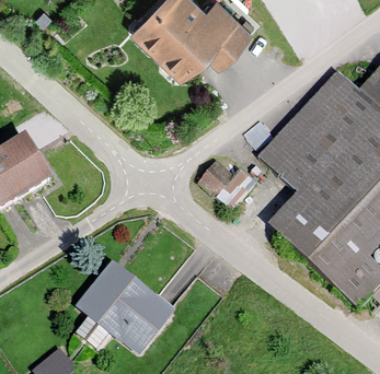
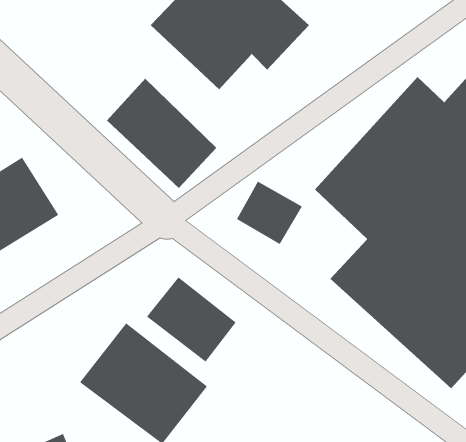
building: none -> [106,78,217,189]
building: none -> [146,277,237,363]

